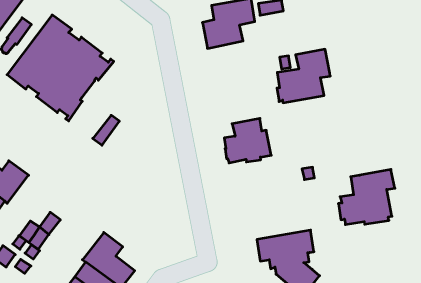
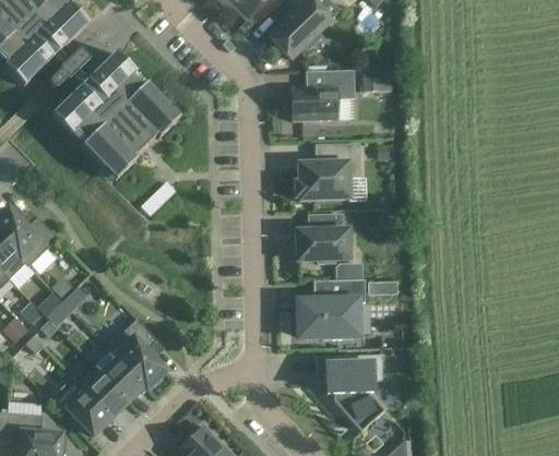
building: [277,49,330,103] -> [296,143,361,199]
building: [338,169,395,225] -> [296,278,366,338]

